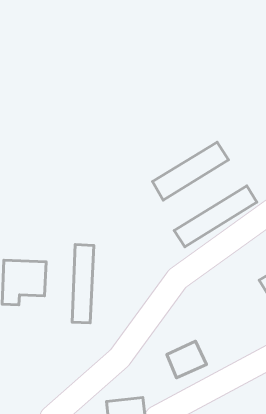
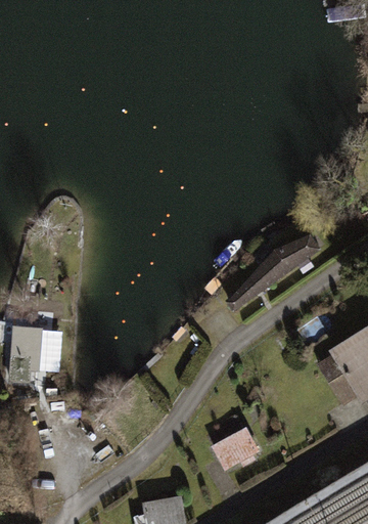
building: [152,142,228,200] -> none
building: [72,244,94,323] -> none

